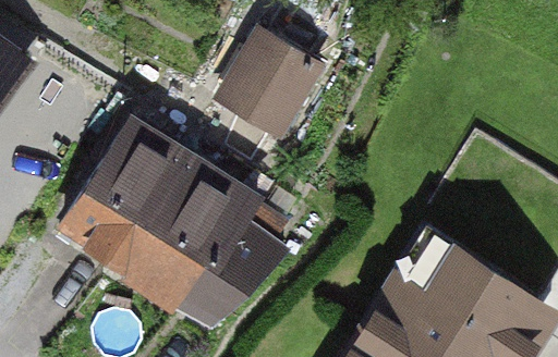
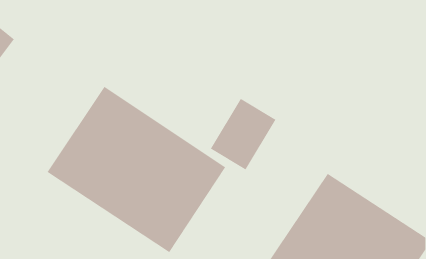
building: [215,32,302,126] -> [210,98,277,171]

